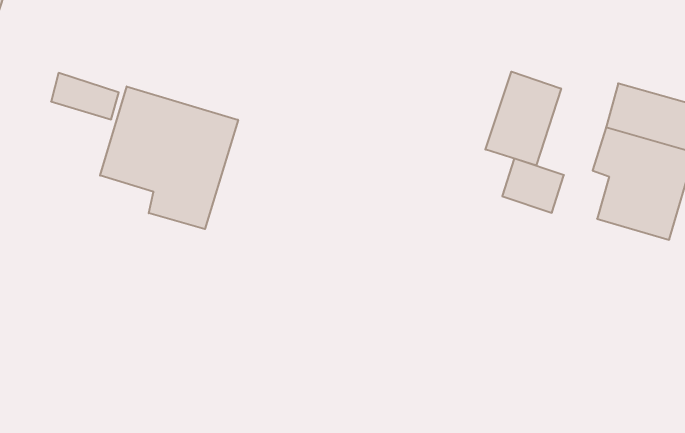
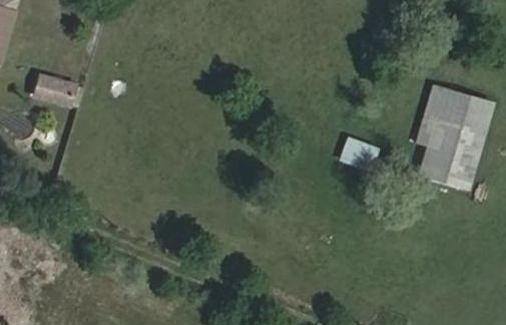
building: [485,72,561,165] -> none
building: [100,86,238,229] -> none

